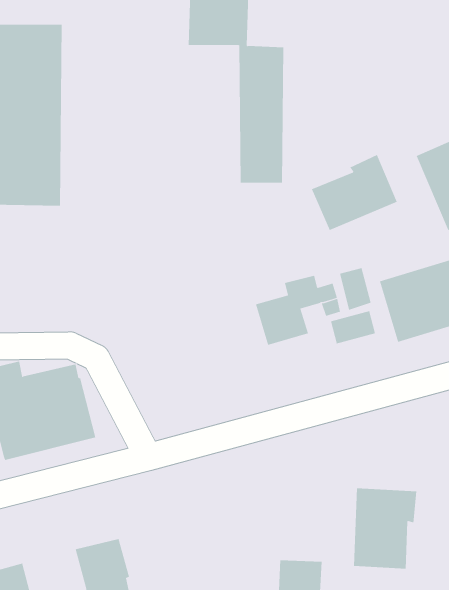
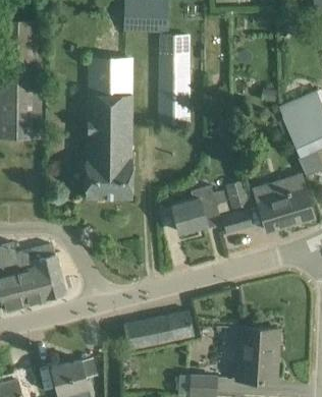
building: none -> [85,59,132,197]
building: [311,154,398,231] -> none
building: none -> [123,310,194,348]

